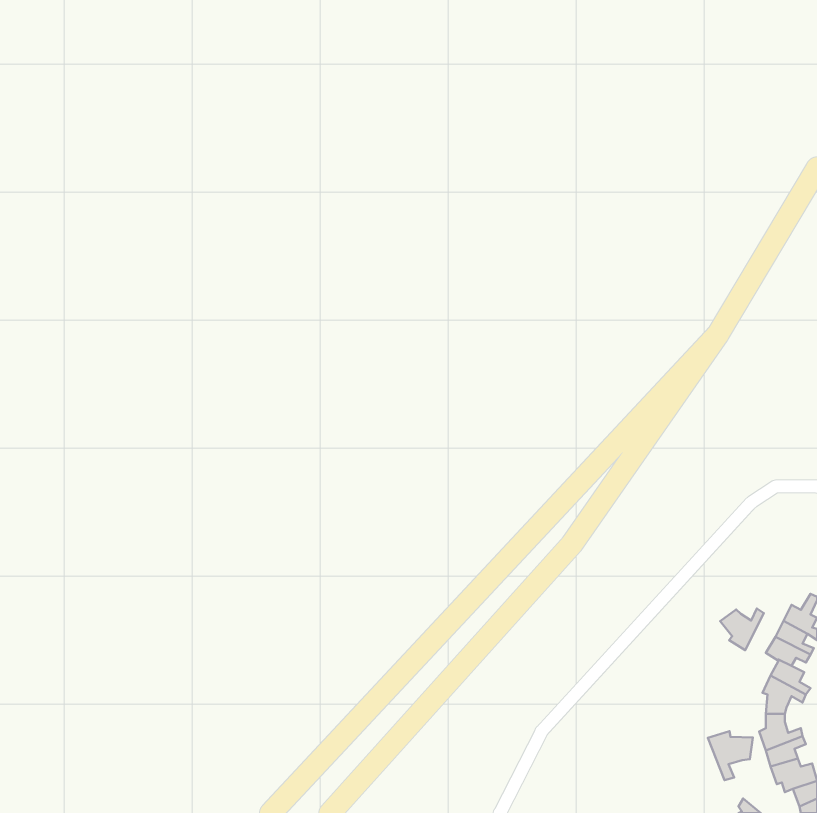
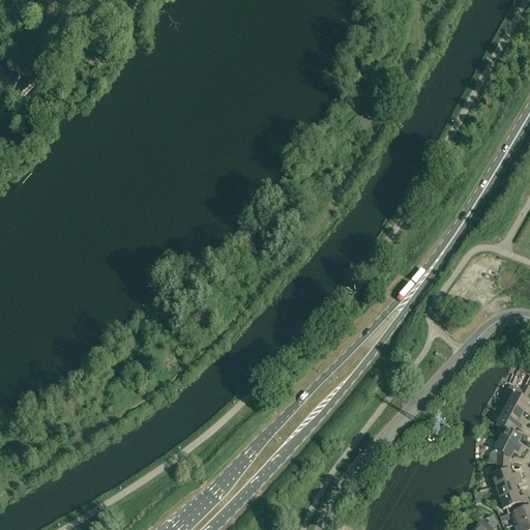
building: [720,608,764,650] -> none
building: [708,731,753,780] -> none

